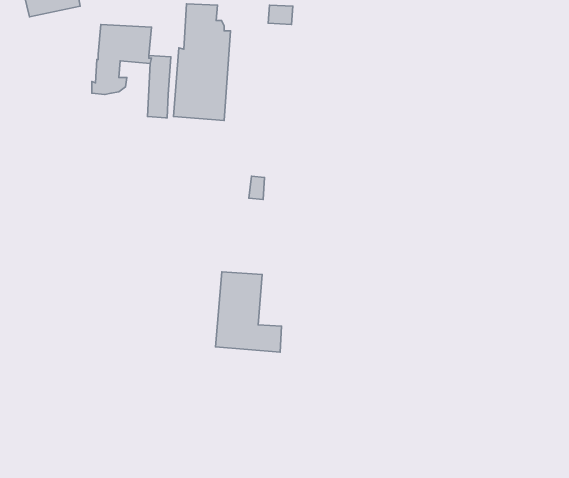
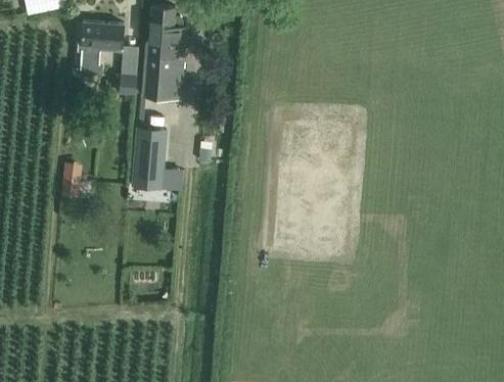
building: none -> [60,163,81,198]
building: [215,272,282,352] -> [130,128,182,191]

